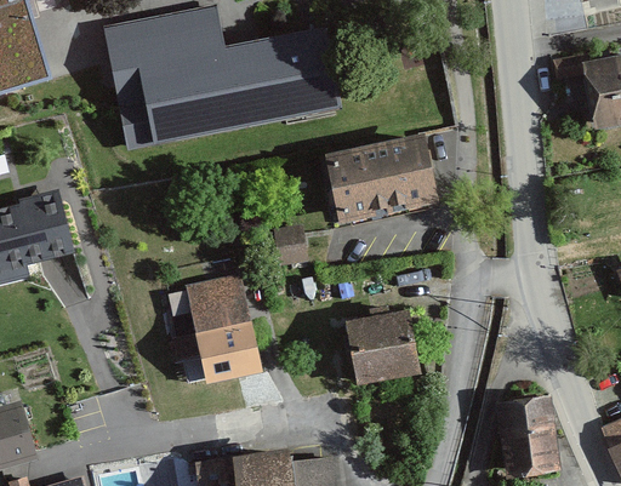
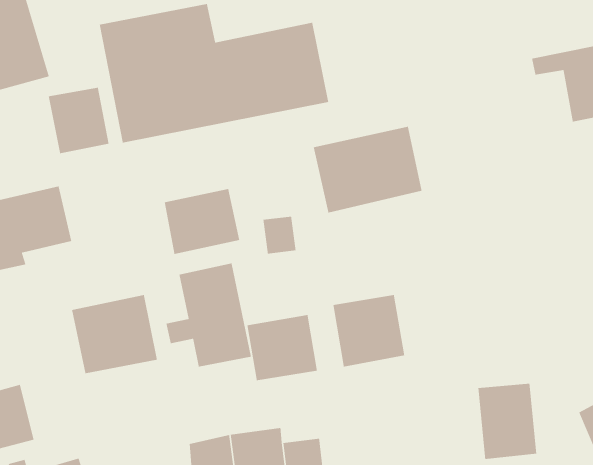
building: none -> [48,87,110,154]
building: none -> [164,188,240,255]
building: none -> [71,294,158,374]
building: none -> [247,314,318,381]

